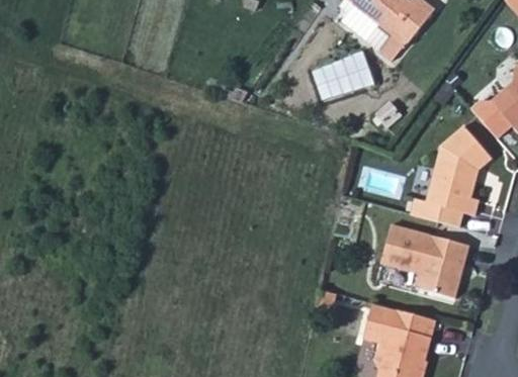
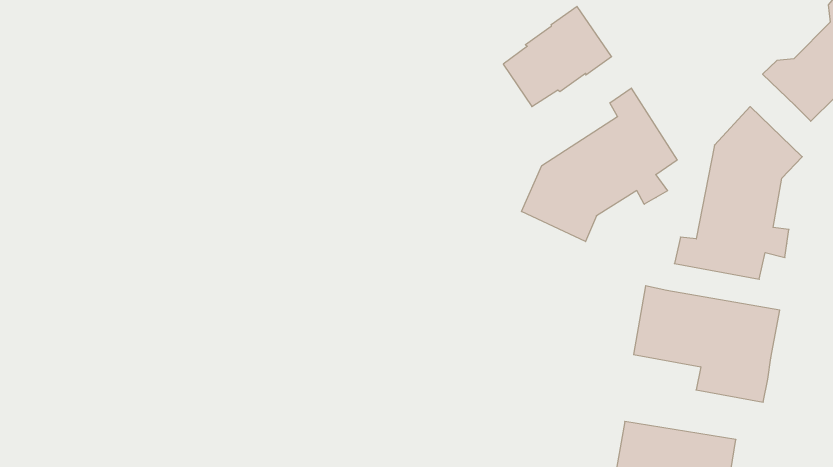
building: none -> [522,88,677,242]

